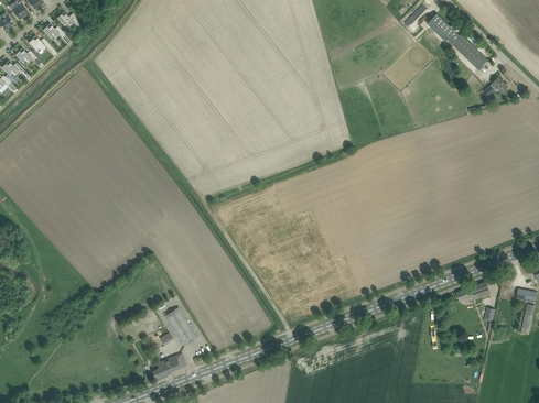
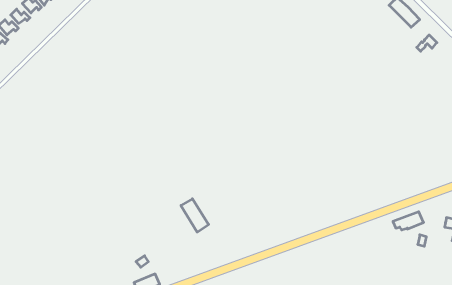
building: [164,308,196,347] -> [181,199,209,232]

